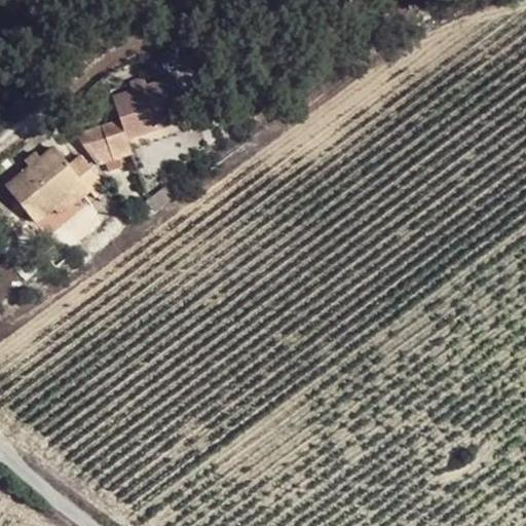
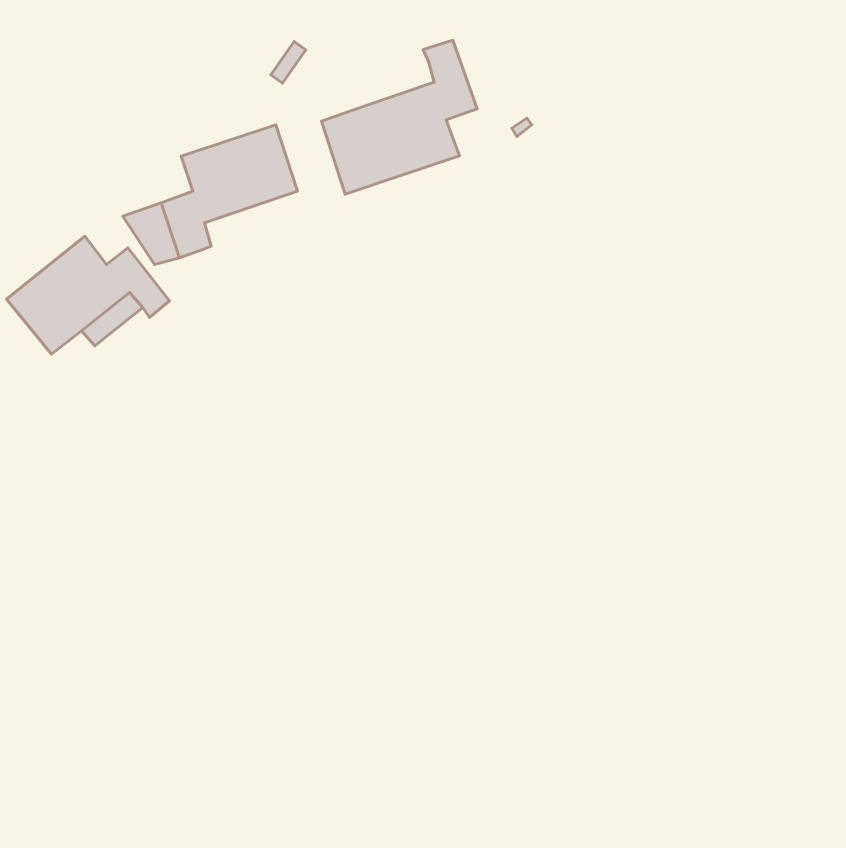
building: none -> [321,40,477,194]

